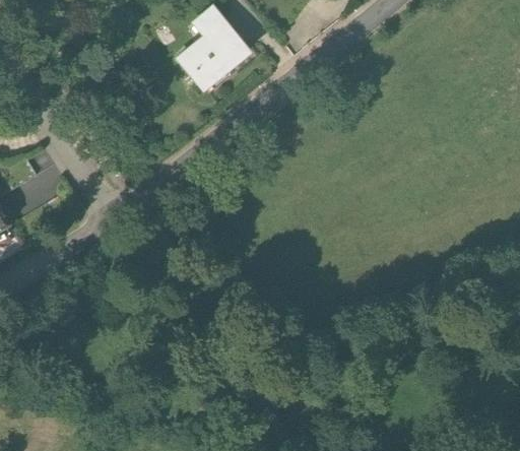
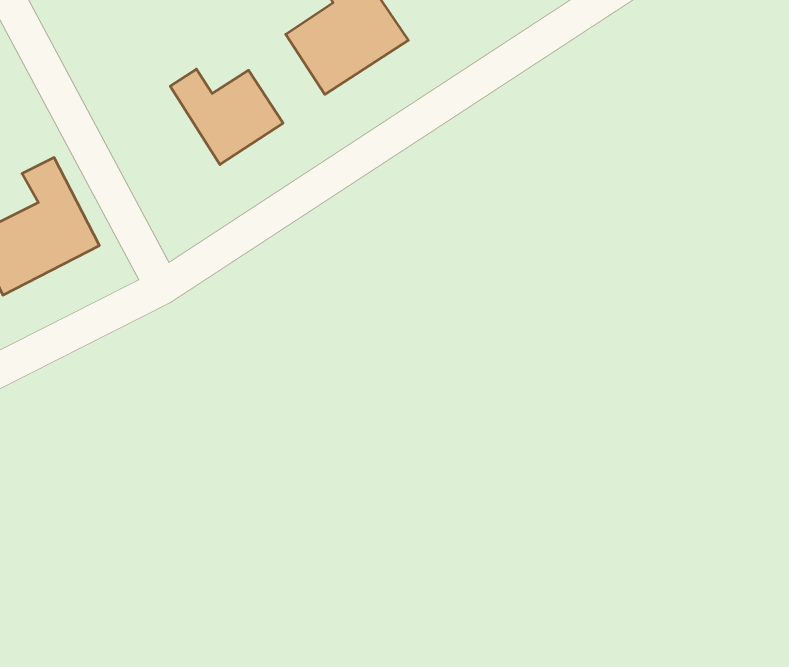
building: none -> [170,69,283,165]

